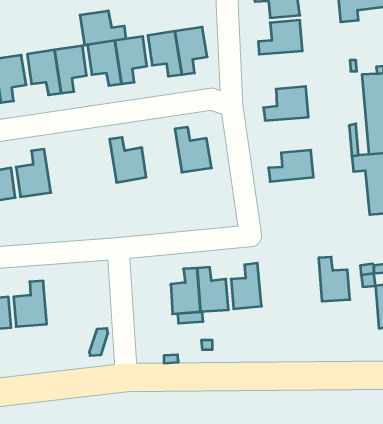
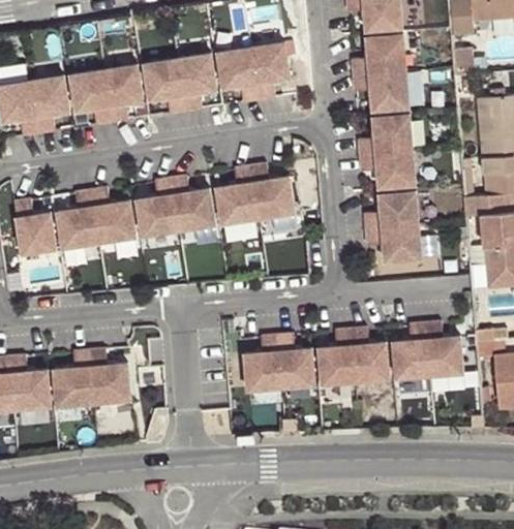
building: [80,11,126,45] -> none
building: none -> [353,70,409,110]
building: none -> [360,151,416,187]
building: none -> [216,165,259,223]
building: none -> [137,178,179,236]
building: none -> [91,188,135,243]
building: none -> [366,224,422,261]
building: none -> [393,322,429,378]
building: none -> [351,328,389,381]
building: none -> [90,349,130,403]

